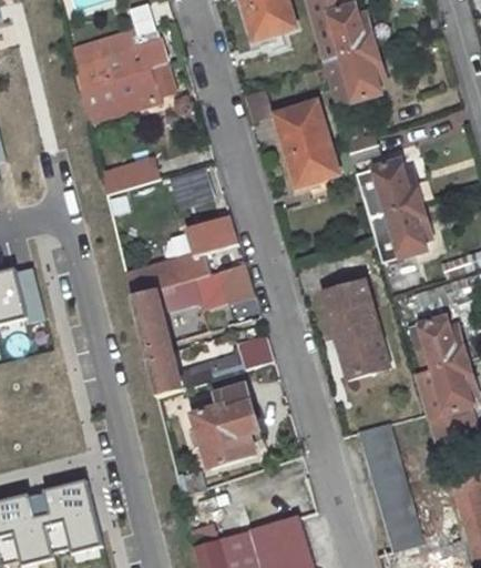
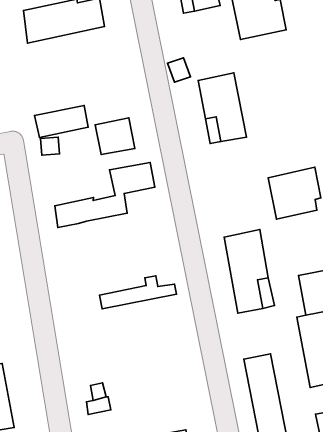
building: [324,50,385,110] -> none
building: [81,64,176,130] -> none
building: [356,162,421,221] -> none
building: [166,264,254,312] -> none
building: [134,292,183,397] -> none
building: [190,386,264,469] -> none

